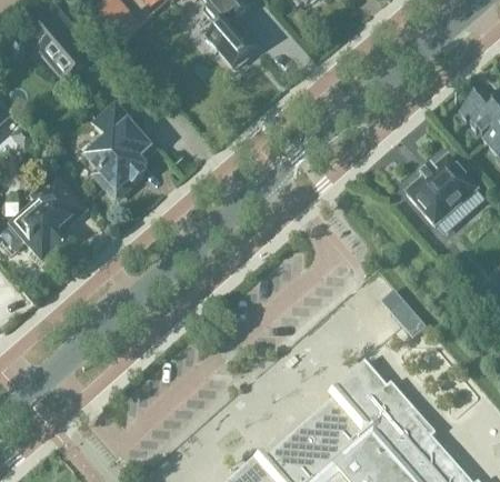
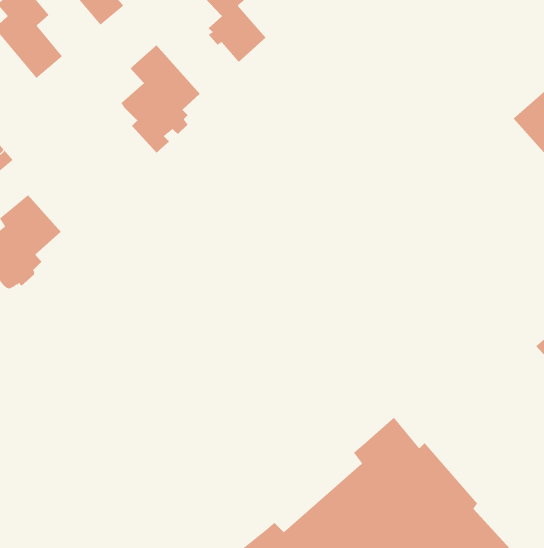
building: [86,106,152,197] -> [121,44,200,154]
building: [407,159,478,229] -> none
building: [390,299,427,338] -> none

